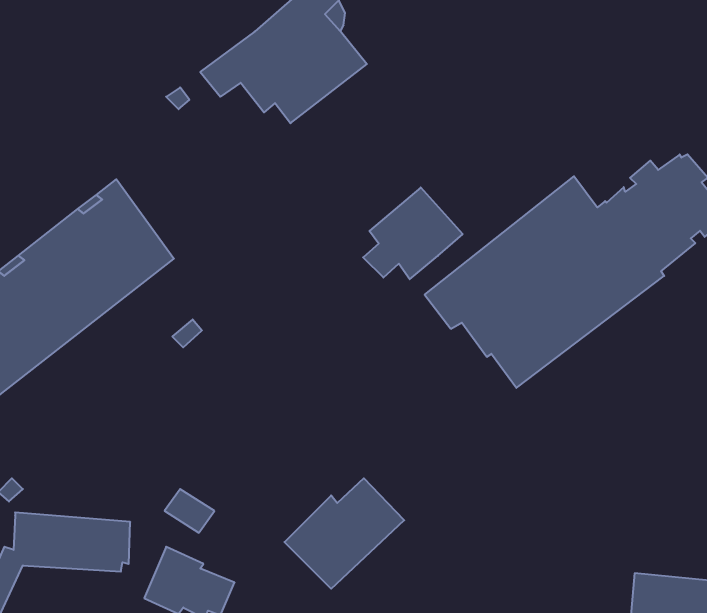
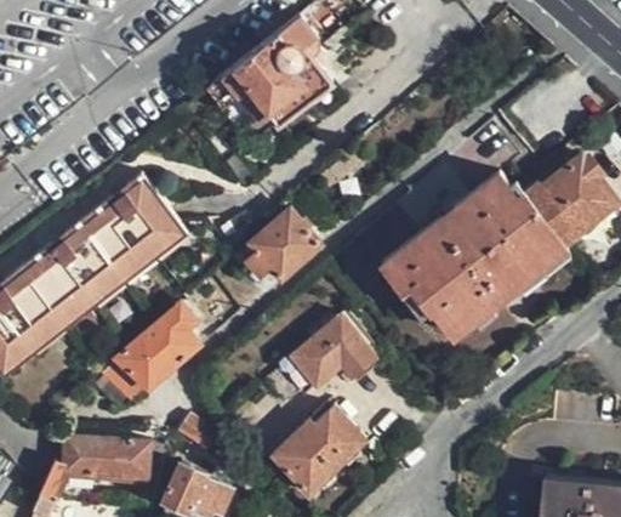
building: [363,187,463,279] -> [244,209,321,280]
building: none -> [102,303,200,403]
building: none -> [264,314,378,405]

